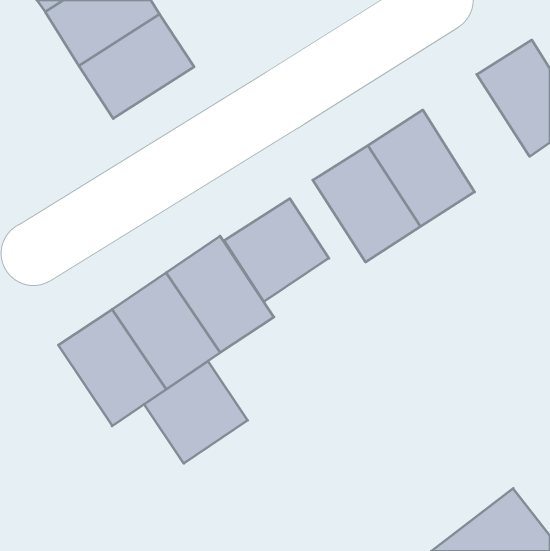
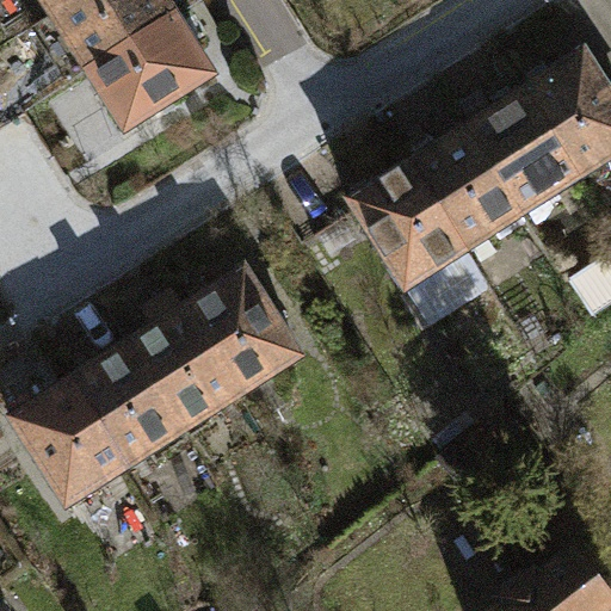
building: none -> [468,82,586,212]
building: [224,199,329,302] -> none
building: none -> [5,382,124,511]
building: [144,361,248,463] -> none

